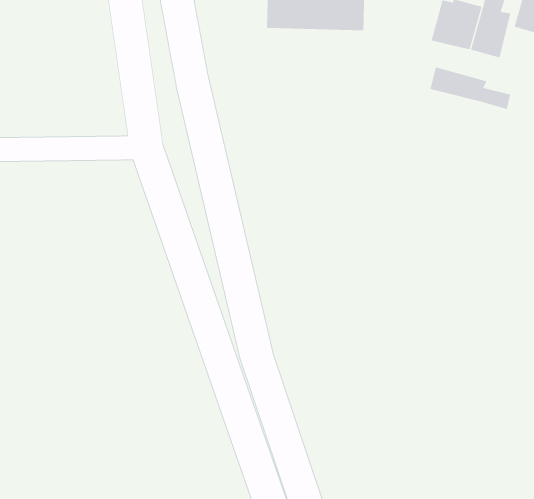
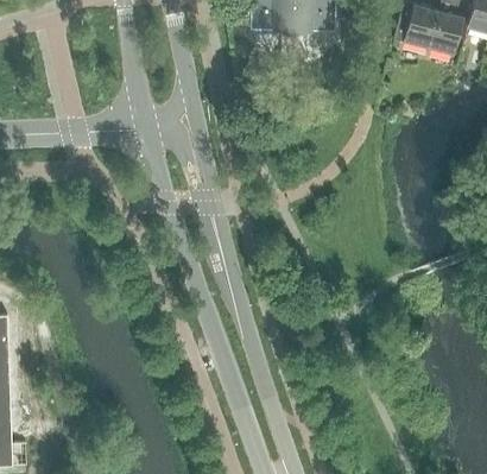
building: [430,66,511,110] -> none

